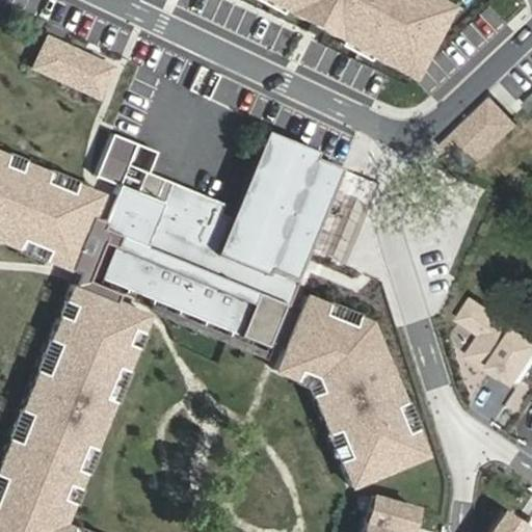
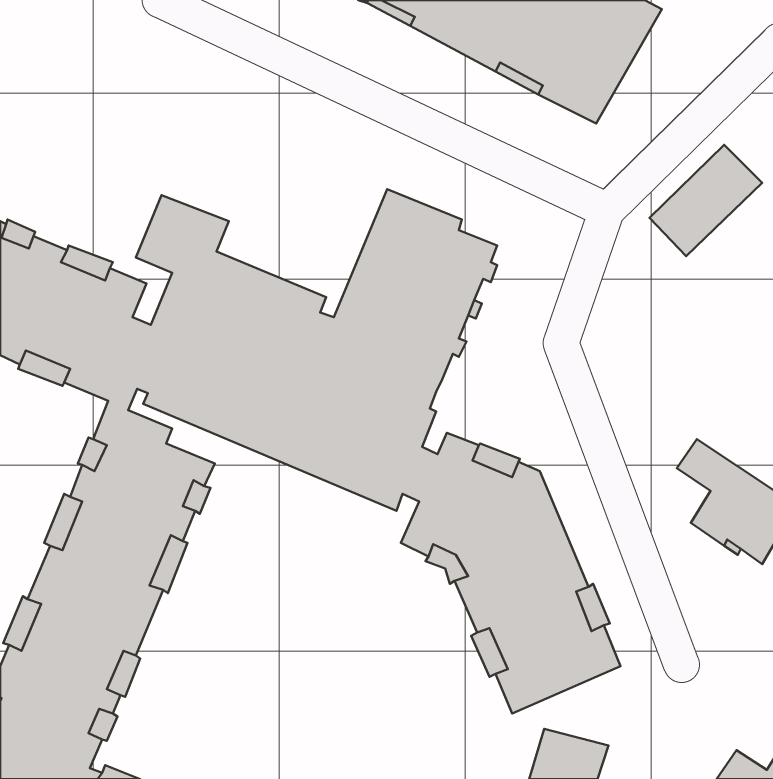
building: [35,36,116,100] -> none

